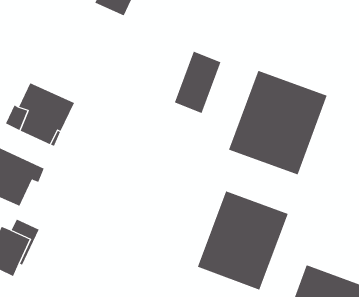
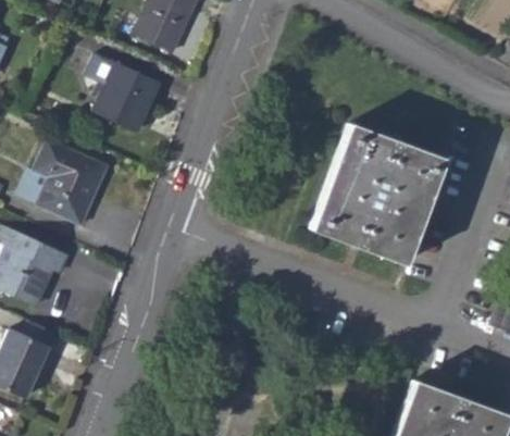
building: none -> [92,62,160,133]
building: [174,51,221,114] -> none
building: [197,190,288,290] -> none

